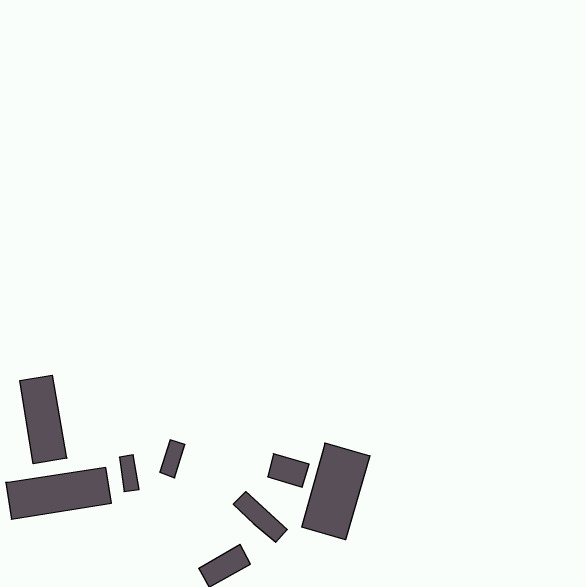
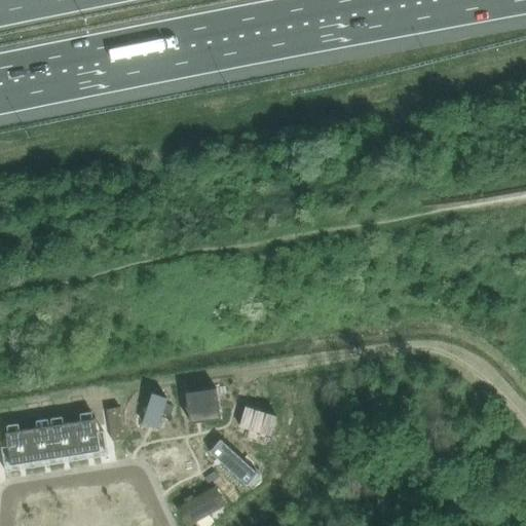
building: [20,375,67,464] -> none
building: none -> [185,388,220,422]
building: [302,443,370,540] -> none

